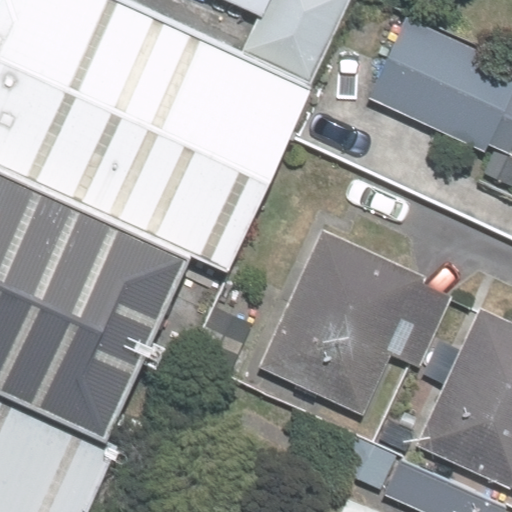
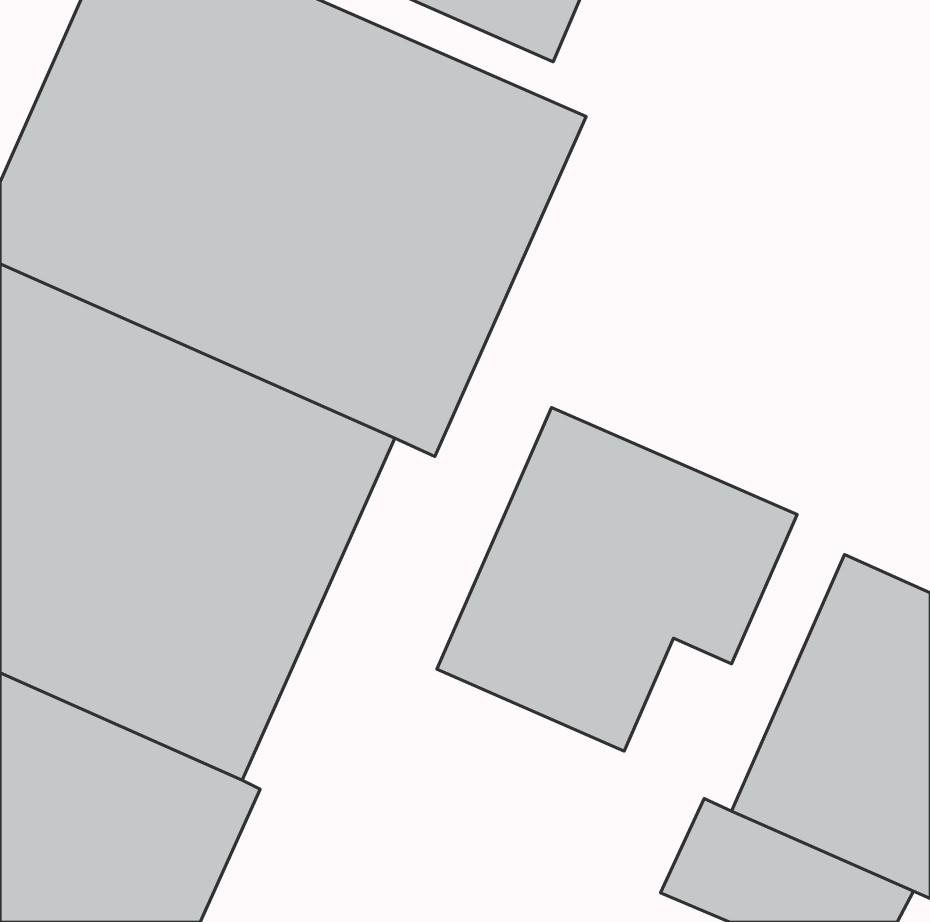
building: [354,10,504,150] -> none

